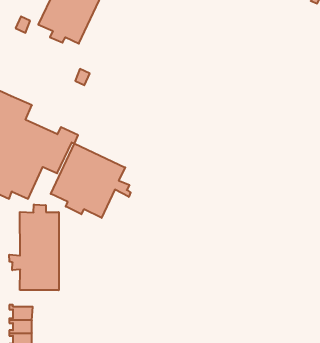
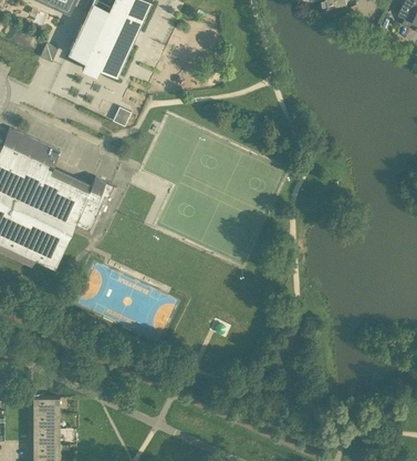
building: [51,143,131,218] -> none
building: [9,204,59,290] -> none

